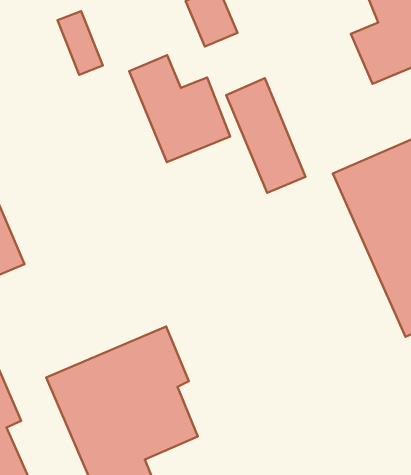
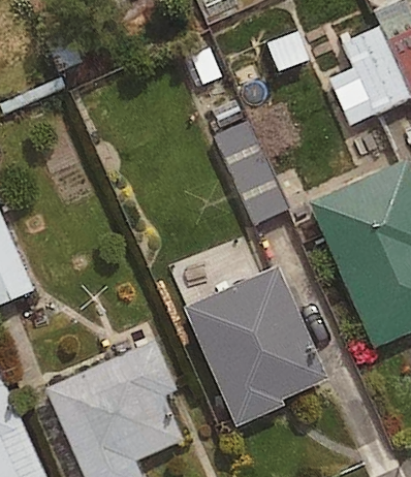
building: [129,55,230,162] -> none
building: none -> [185,266,327,426]

